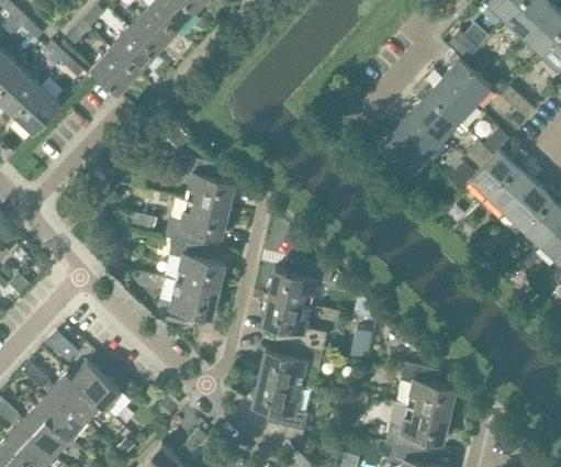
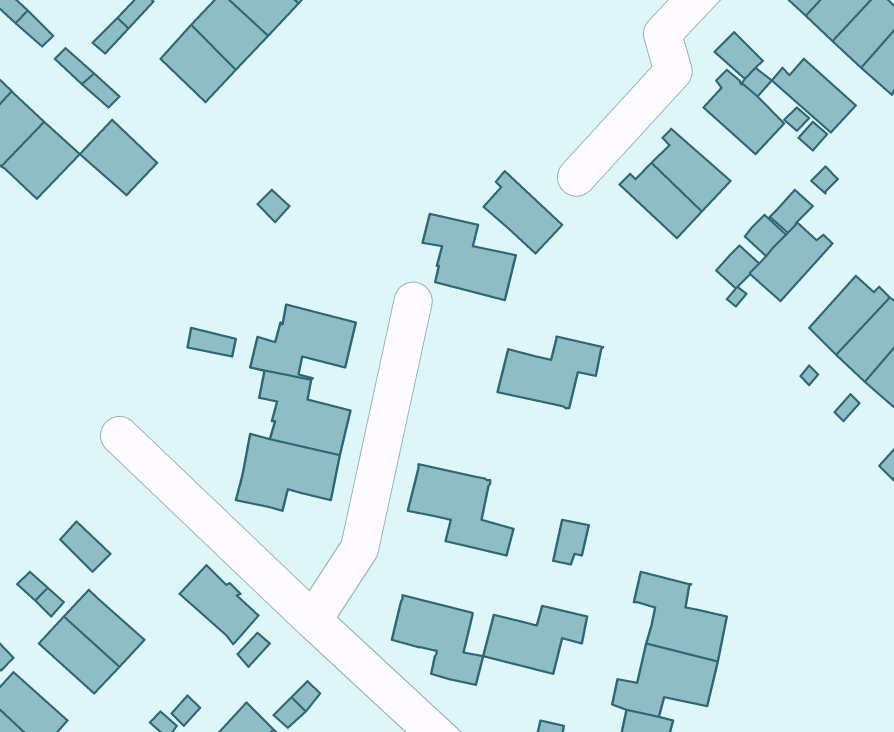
building: [90,49,137,96] -> [80,120,157,195]
building: [423,79,474,124] -> [772,59,856,133]
building: [378,126,426,177] -> [483,171,562,254]
building: [179,158,236,211] -> [423,214,516,300]
building: [490,163,536,214] -> none
building: [268,264,333,308] -> [497,336,603,408]
building: [258,347,322,389] -> [483,606,587,674]
building: [71,363,120,411] -> [180,565,258,644]
building: [20,408,69,455] -> none

